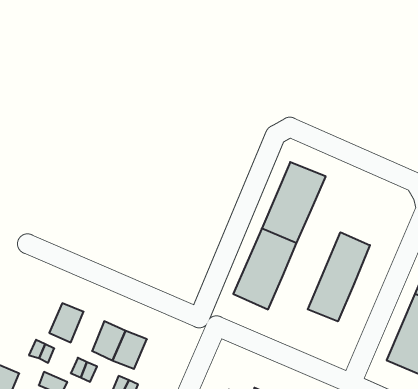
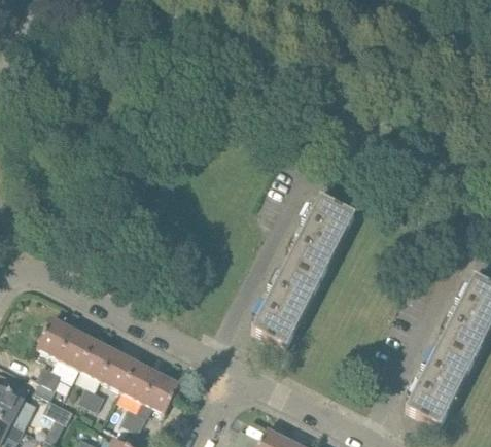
building: [308,232,370,321] -> none
building: none -> [35,316,72,357]
building: none -> [78,338,114,379]
building: none -> [142,371,179,412]

